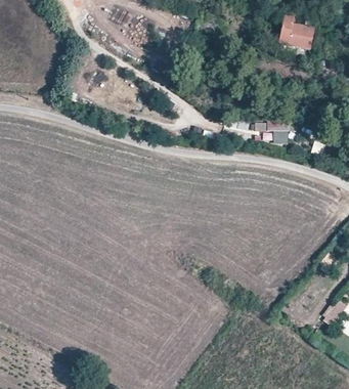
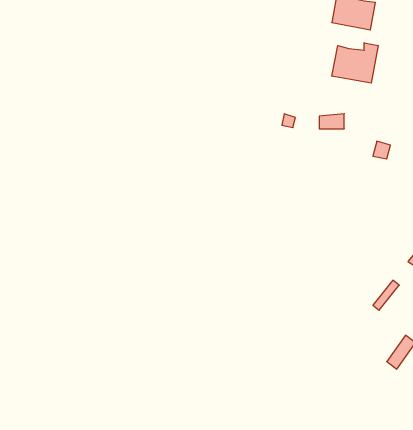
building: none -> [332,43,378,83]

